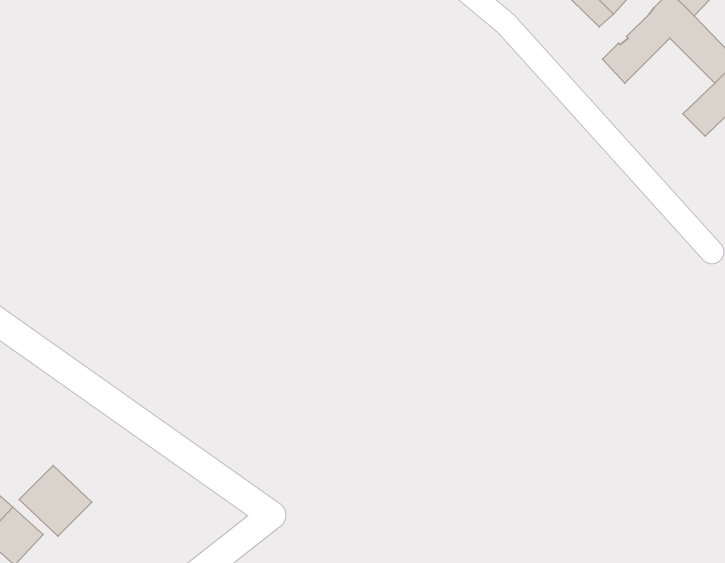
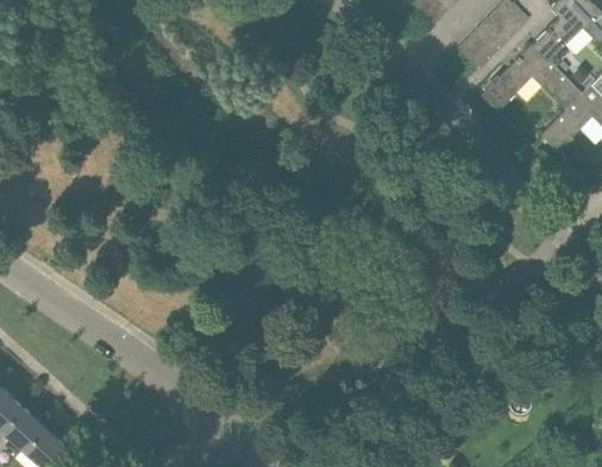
building: [19,466,92,536] -> none

